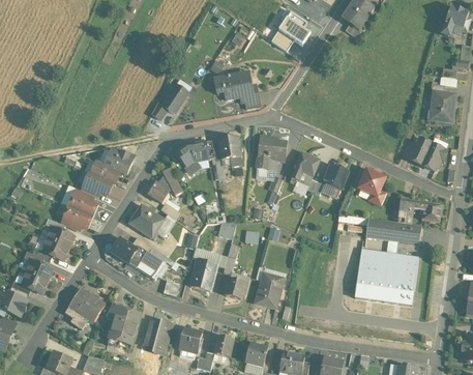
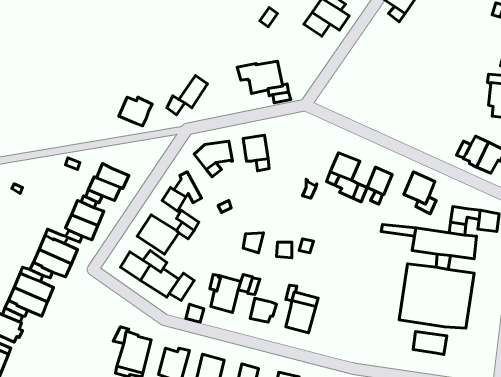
building: [257,135,287,168] -> none
building: [105,148,134,173] -> [119,97,152,126]
building: [65,288,105,328] -> none
building: none -> [413,332,447,355]

